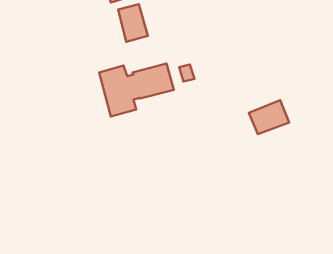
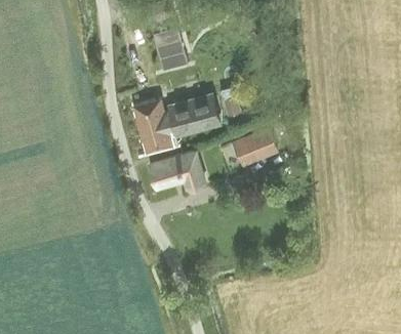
building: [249,100,289,134] -> [233,127,279,166]
building: none -> [150,152,205,187]

